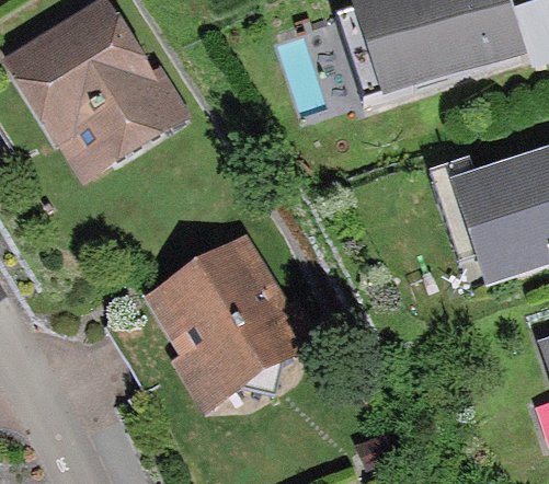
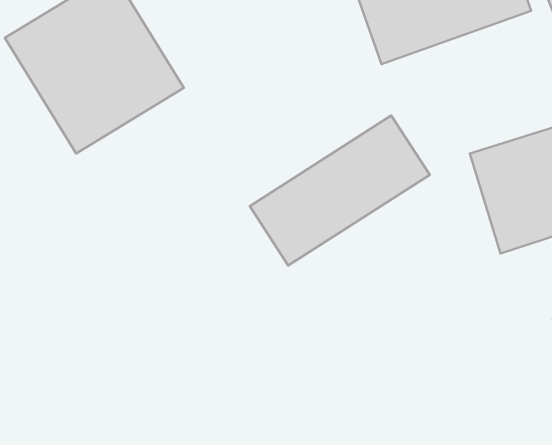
building: none -> [250,116,430,265]
building: [141,233,311,403] -> none

